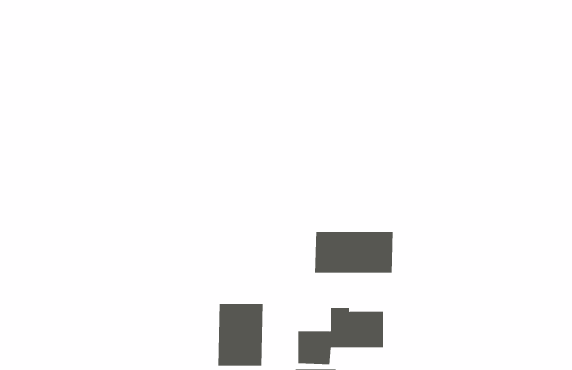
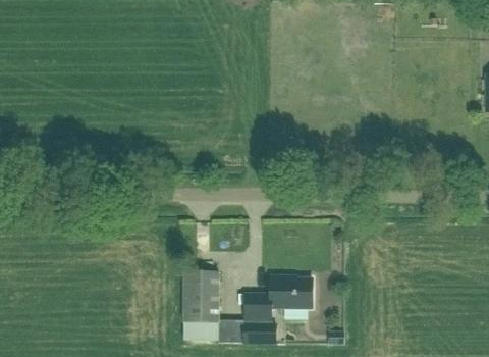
building: [315,231,393,273] -> none

